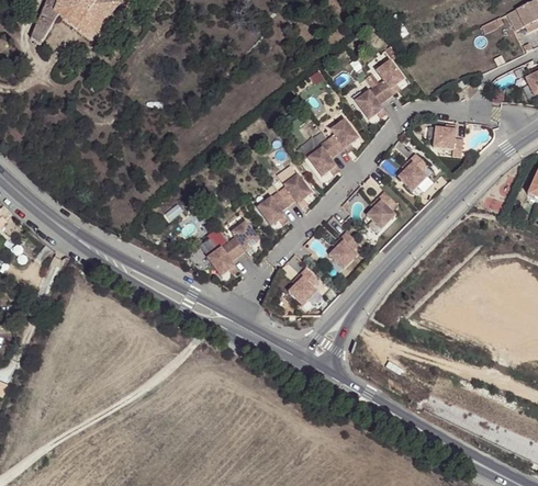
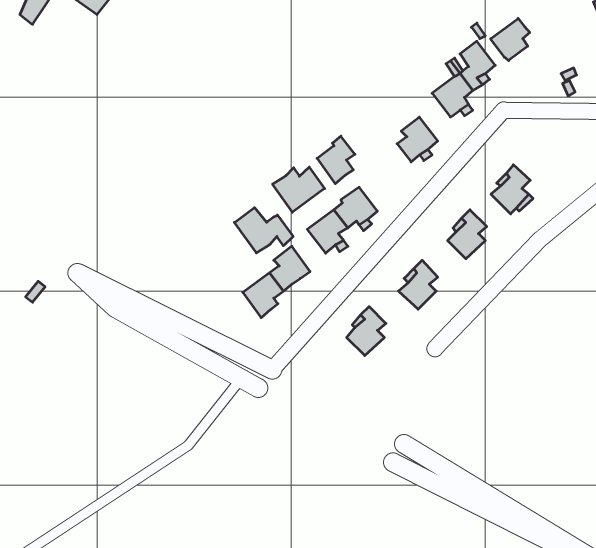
building: none -> [491,18,530,61]
building: [429,124,459,155] -> none
building: [307,138,337,176] -> [317,136,355,184]
building: none -> [273,167,325,212]
building: none -> [234,208,293,253]

